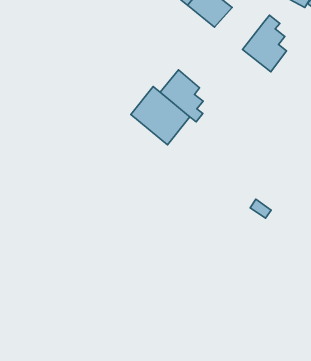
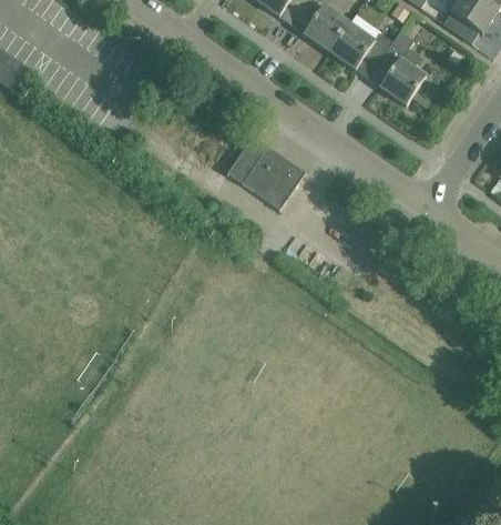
building: none -> [329,23,393,78]
building: [160,70,203,122] -> none

